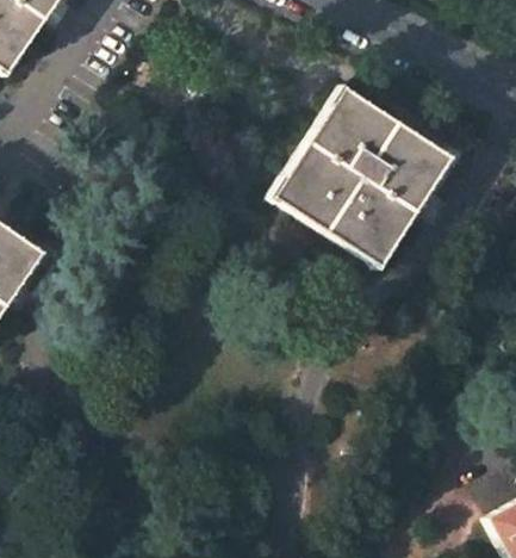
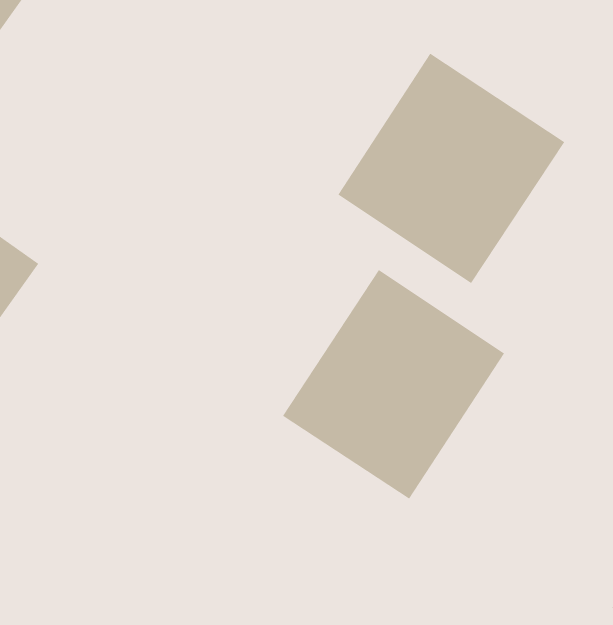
building: none -> [282,269,505,500]

